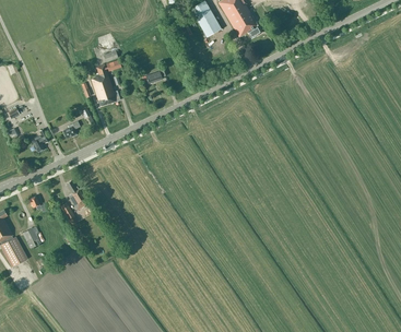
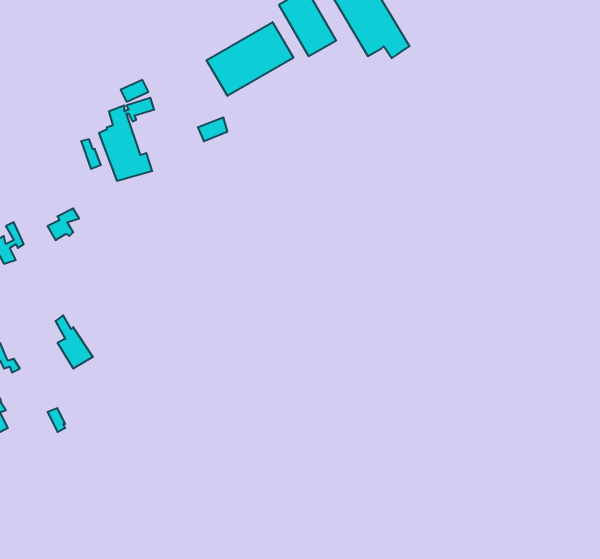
building: none -> [207,22,293,96]

